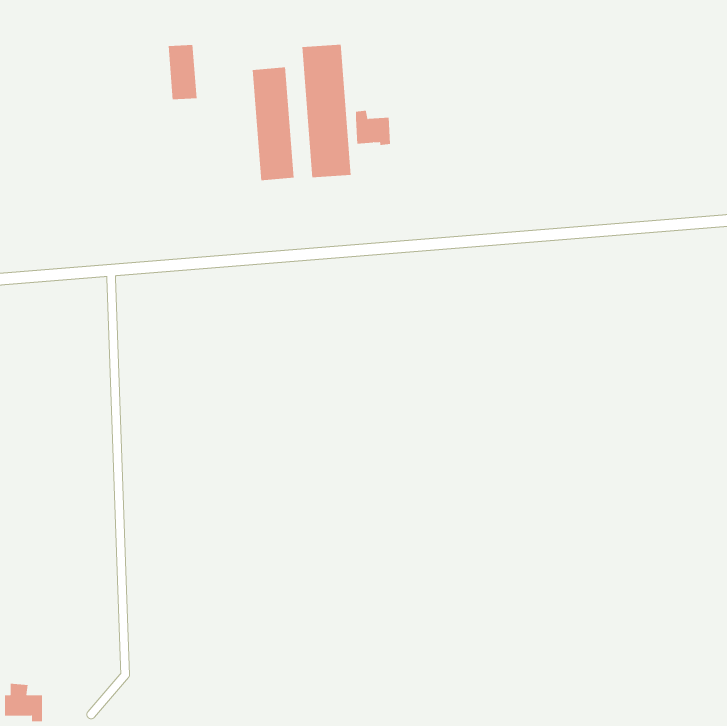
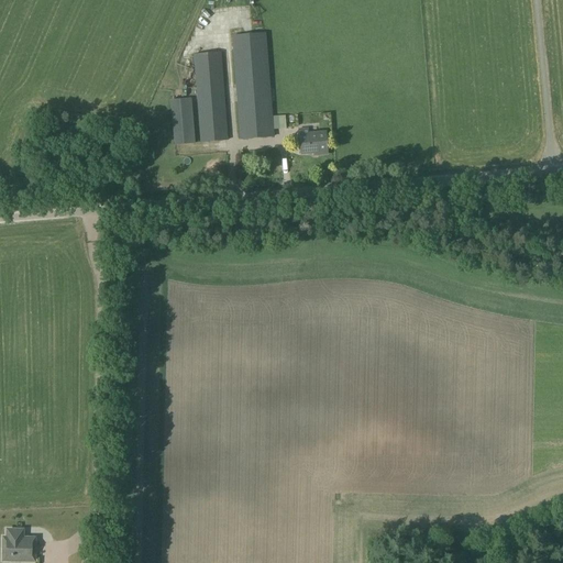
building: [168,44,198,100] -> [170,99,194,142]
building: [355,110,391,146] -> [299,126,327,154]

